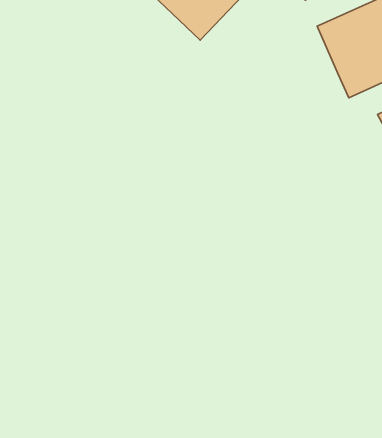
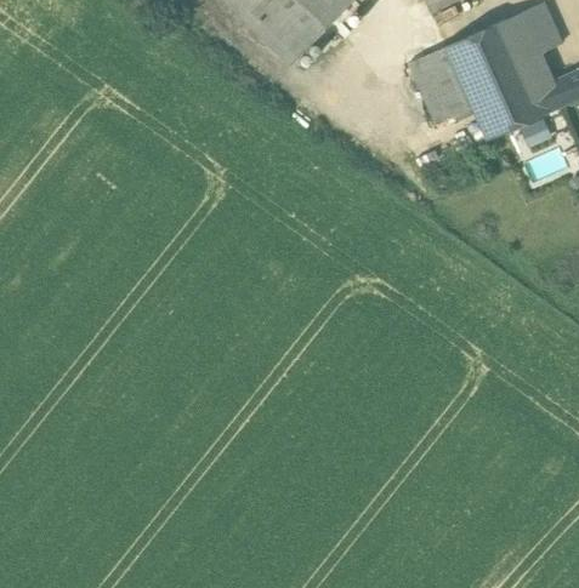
building: none -> [409,45,473,122]

